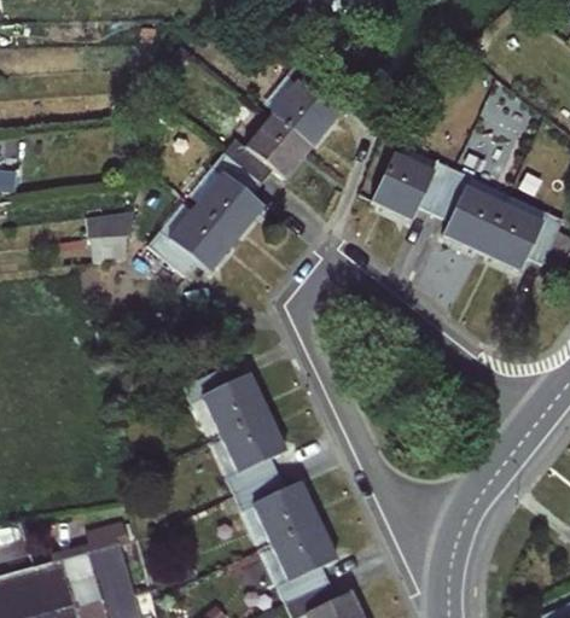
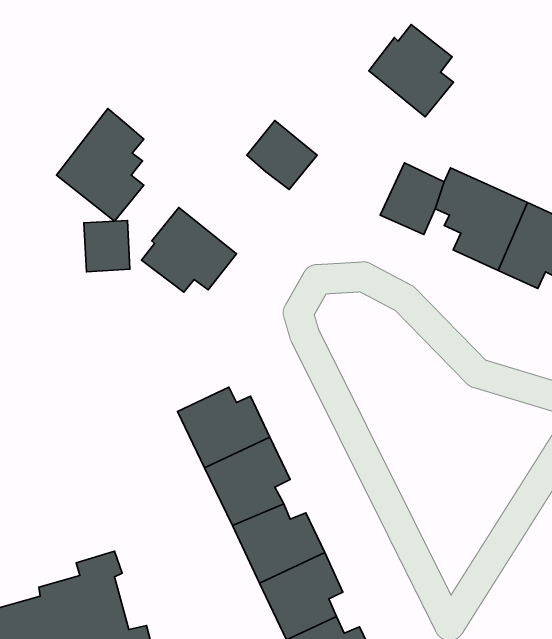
building: [260,63,339,150] -> [369,25,453,117]
building: [182,136,264,243] -> [57,108,144,221]

